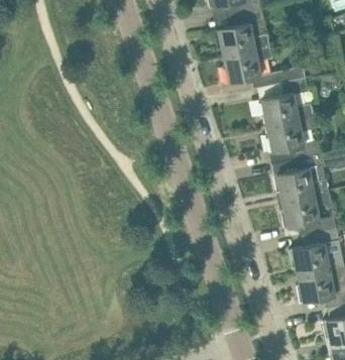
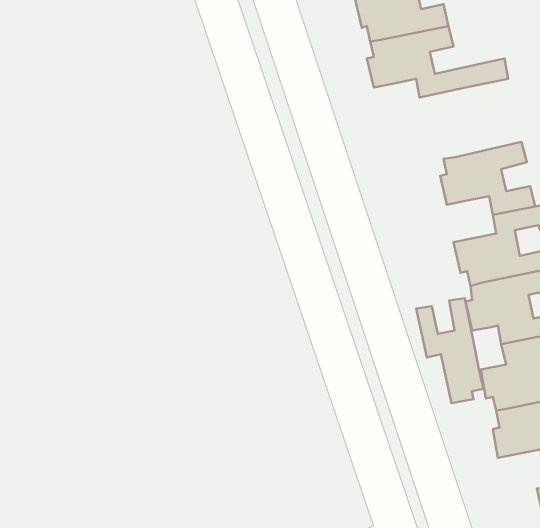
building: [258,78,314,125] -> none
building: none -> [416,298,483,403]

